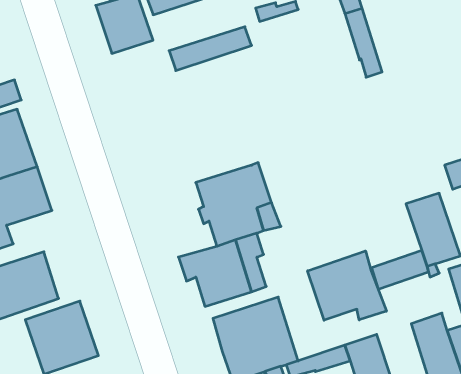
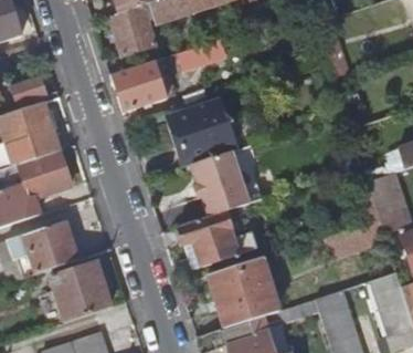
building: none -> [109,60,166,111]
building: none -> [169,95,237,165]
building: [308,251,386,320] -> none

